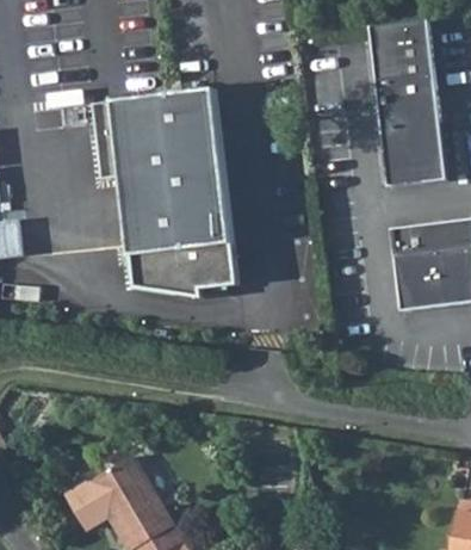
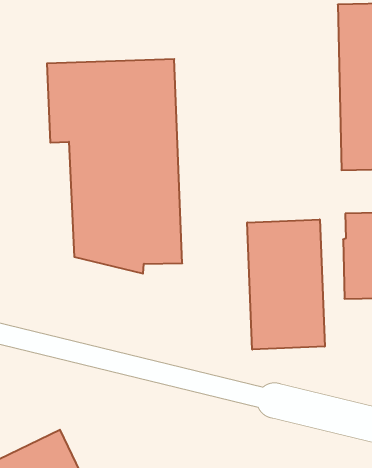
building: none -> [247,219,325,350]

